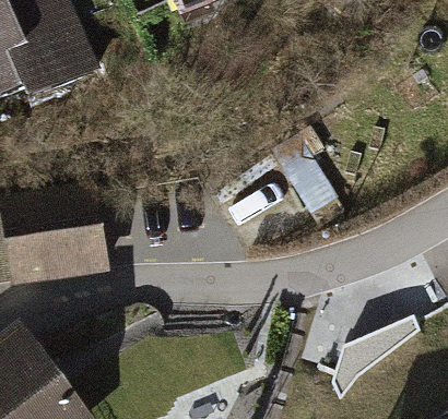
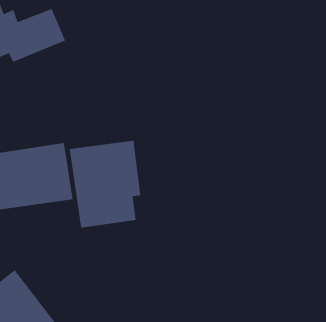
building: none -> [69,140,141,229]

